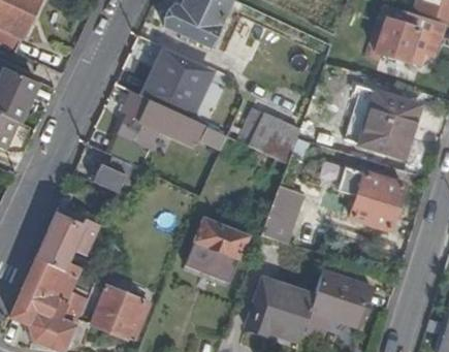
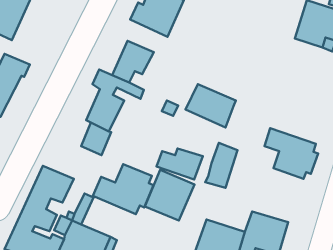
building: [166,68,210,117] -> none
building: [360,90,419,155] -> none
building: none -> [157,149,203,179]
building: none -> [93,164,153,214]

